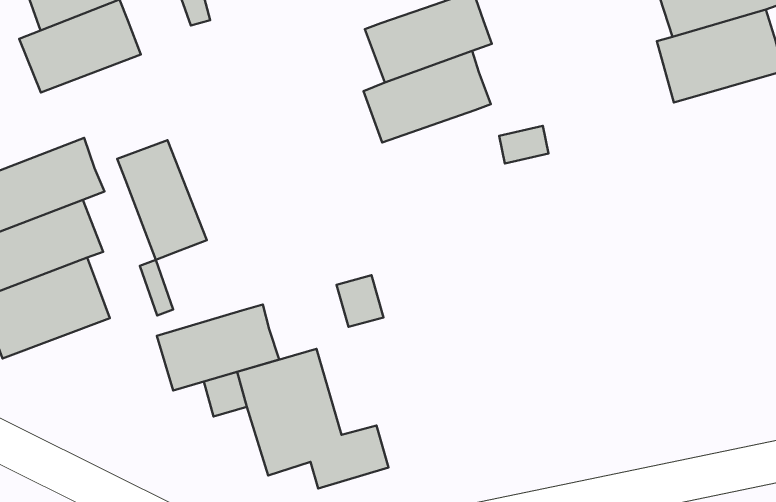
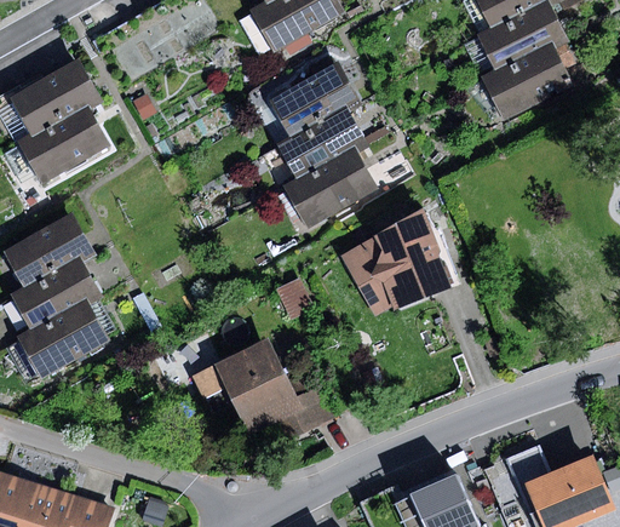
building: none -> [281,148,377,229]
building: [117,140,207,260] -> none
building: none -> [340,208,449,316]
building: [157,305,279,391] -> none

